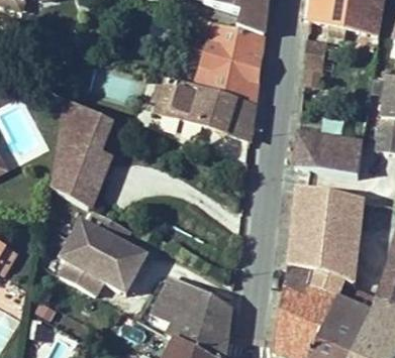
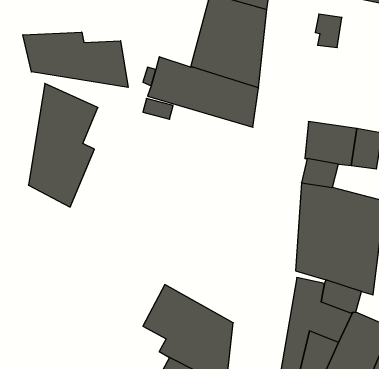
building: none -> [23,32,128,87]
building: [56,208,140,291] -> none

